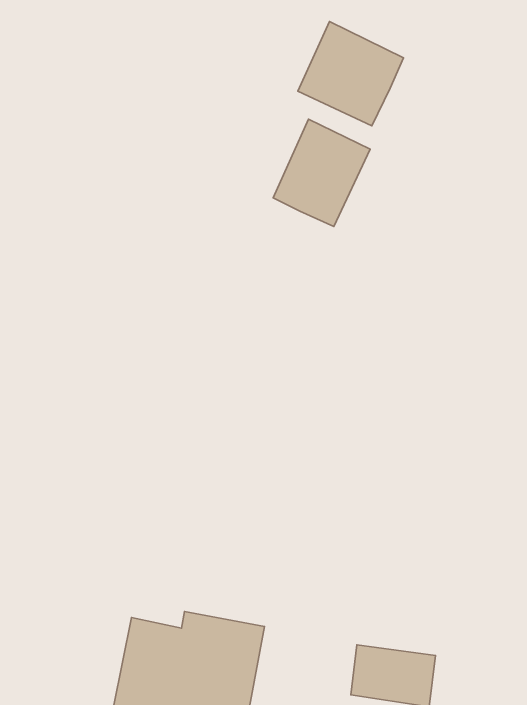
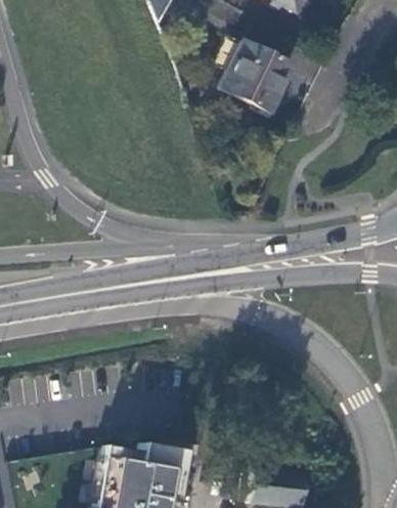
building: [273,119,370,227] -> none

